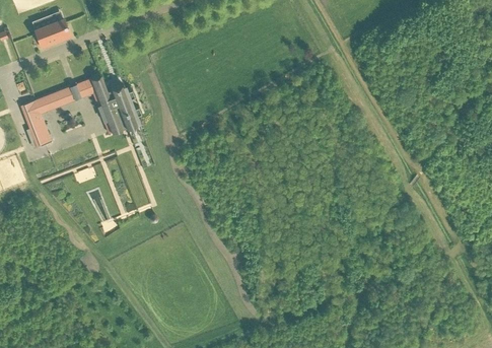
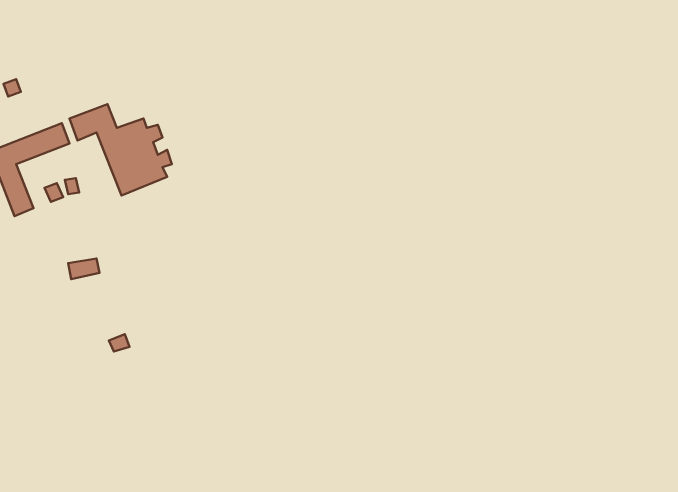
building: [34,18,69,46] -> none

